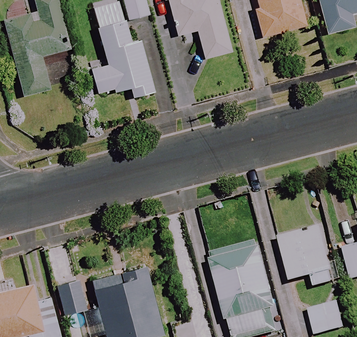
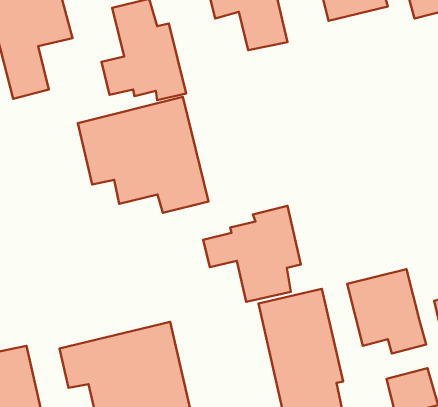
building: none -> [78,97,208,213]
building: none -> [203,206,301,302]

